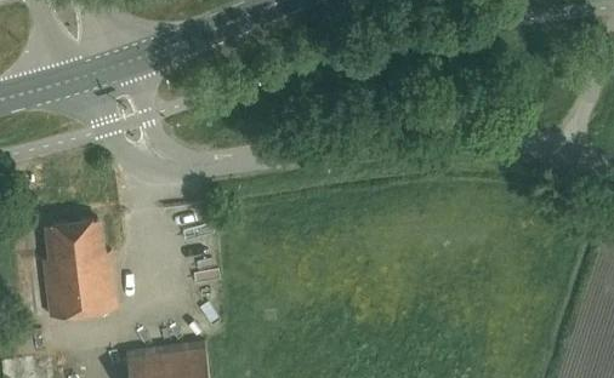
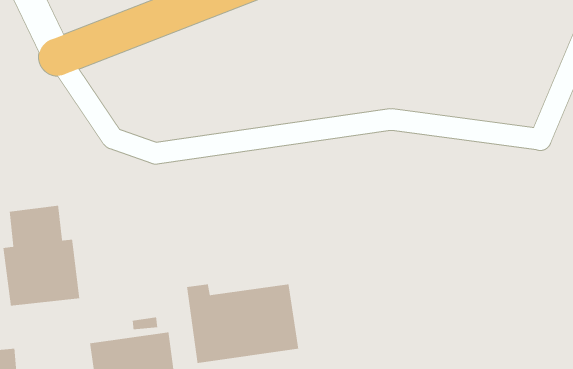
building: none -> [186,283,299,364]

